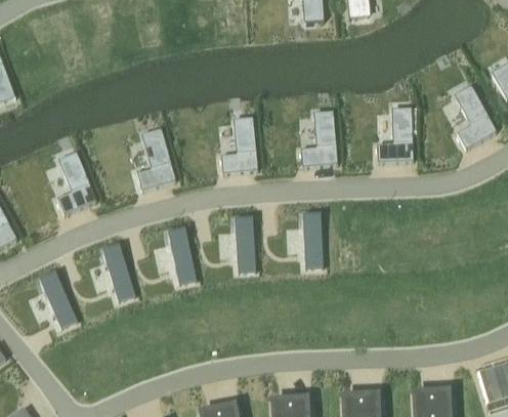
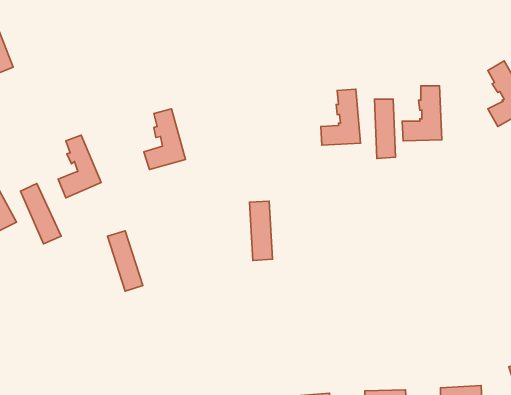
building: [220,119,257,172] -> none
building: [302,214,322,269] -> [375,99,395,158]
building: [167,227,196,285] -> none
building: [39,273,77,329] -> [20,184,61,244]

